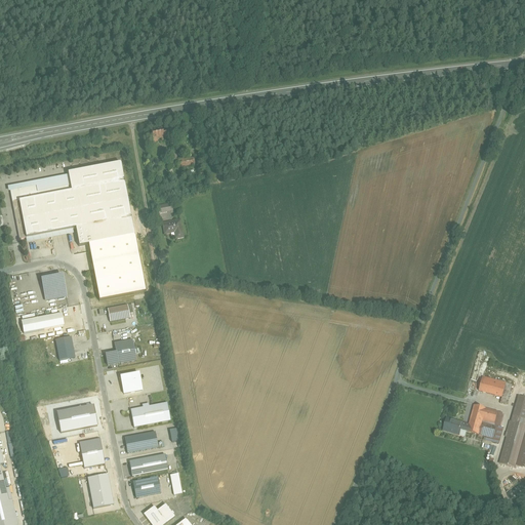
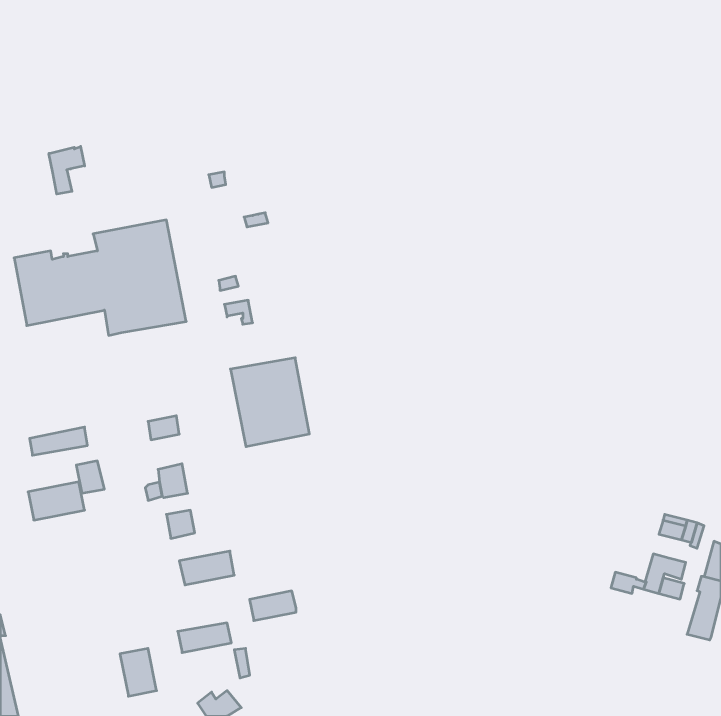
building: none -> [49,146,85,194]
building: [88,234,146,298] -> [230,358,309,447]
building: [40,274,67,298] -> none
building: [56,403,97,431] -> [28,482,85,520]
building: [124,430,158,451] -> [250,591,296,621]
building: [79,437,105,466] -> none
building: [133,476,161,496] -> none

